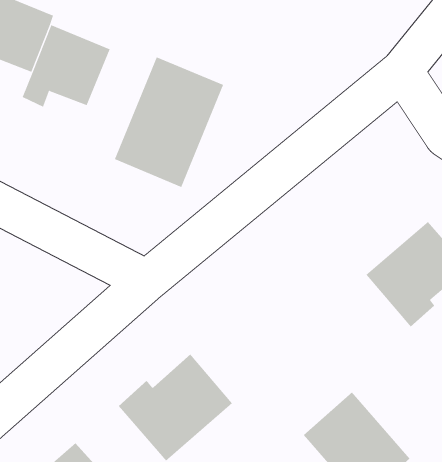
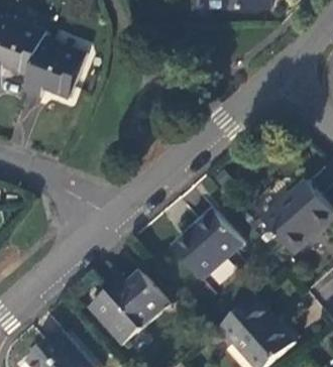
building: [114,56,224,188] -> none
building: none -> [173,208,243,276]

